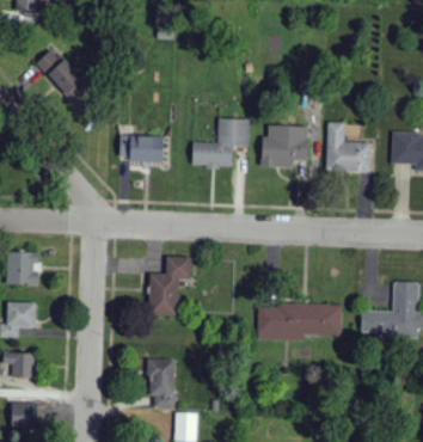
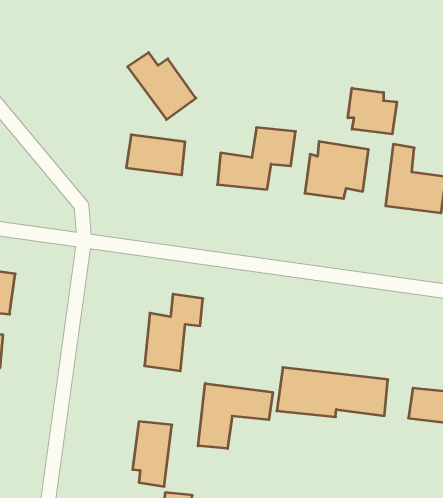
building: [36,49,92,100] -> [128,52,196,120]
building: none -> [348,88,397,134]
building: none -> [198,383,273,449]

